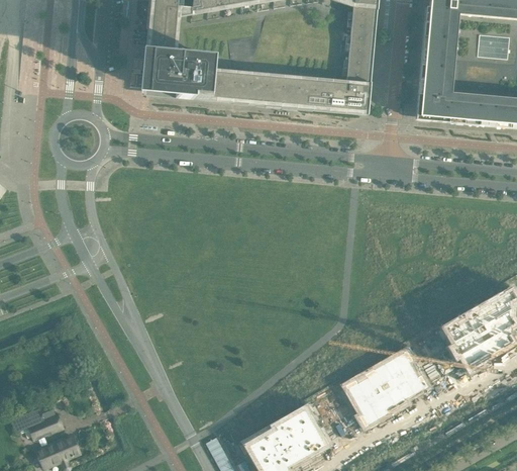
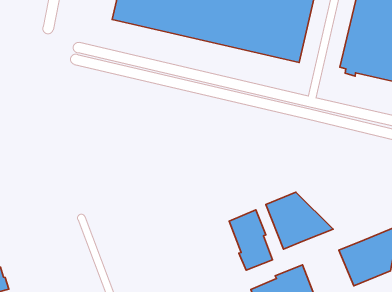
building: none -> [266,192,333,249]
building: none -> [229,210,272,270]

